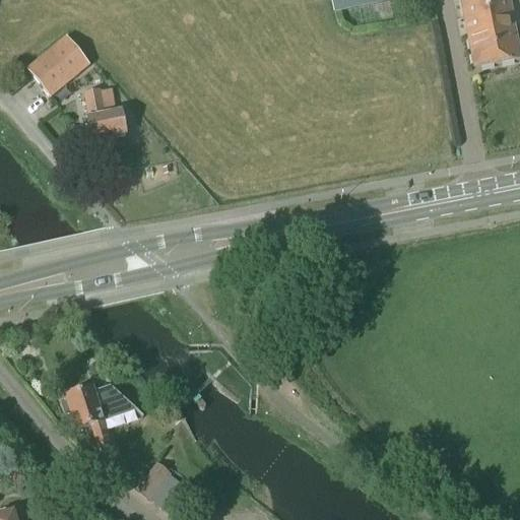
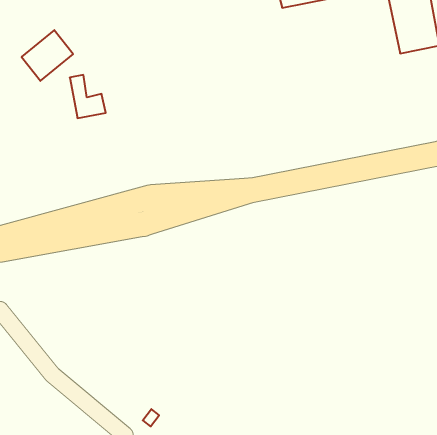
building: [64,384,145,449] -> none
building: [138,461,173,498] -> none

